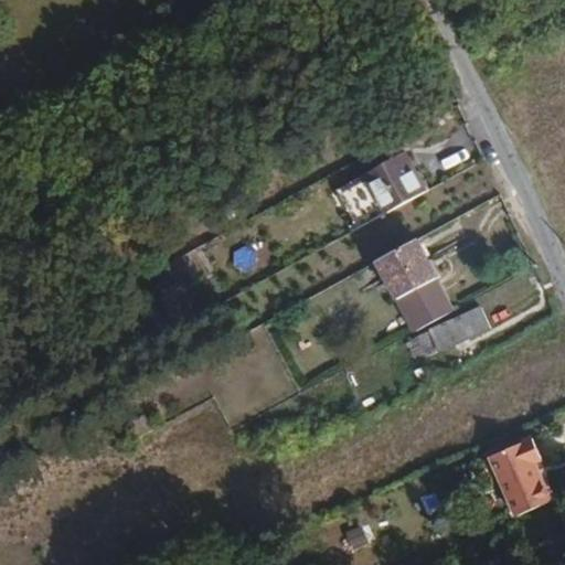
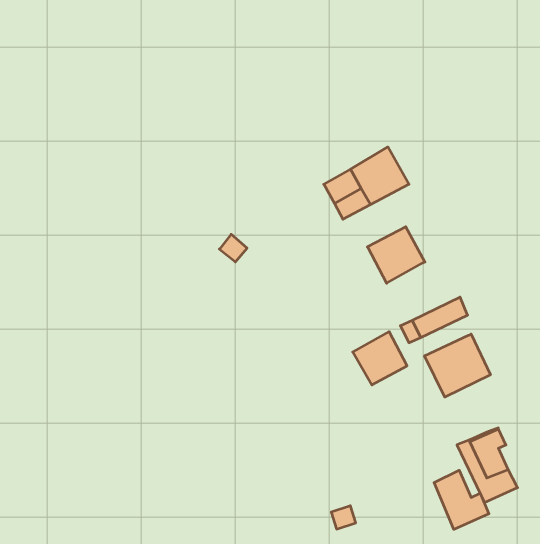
building: [401,273,457,328] -> [353,332,407,385]
building: none -> [425,334,490,397]
building: none -> [434,470,489,529]

